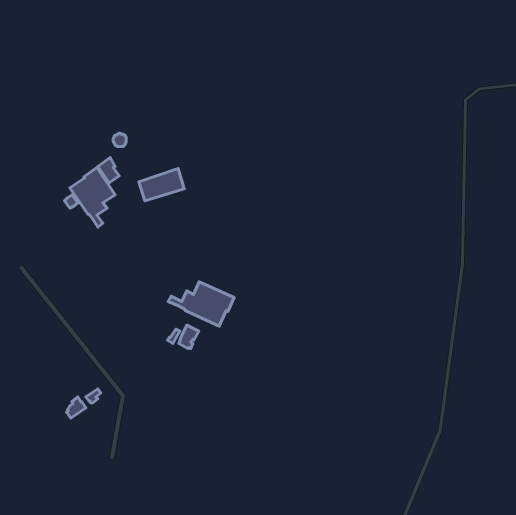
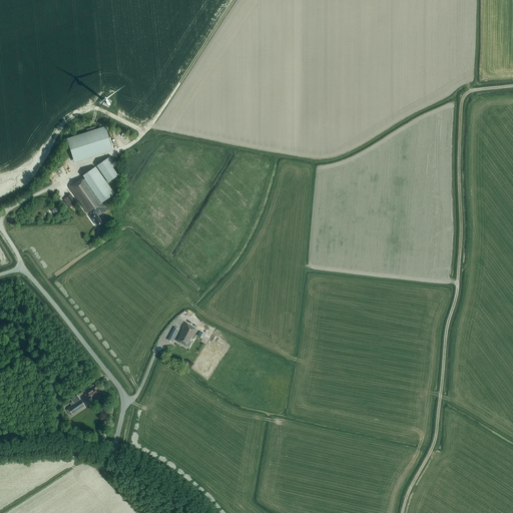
building: [139,169,184,201] -> [67,127,112,159]
building: [168,282,234,326] -> none

